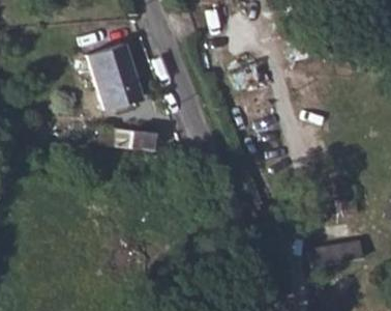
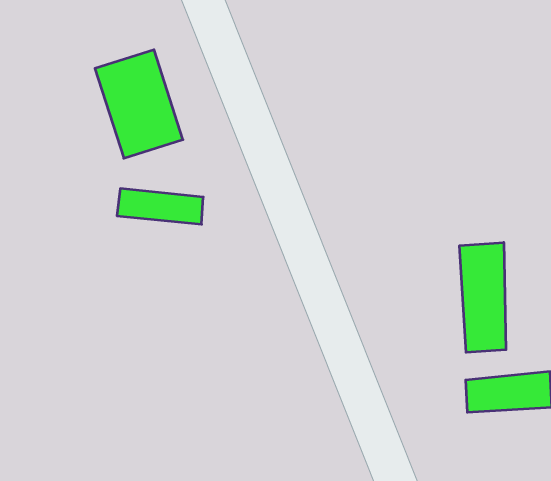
building: none -> [460,242,506,352]

